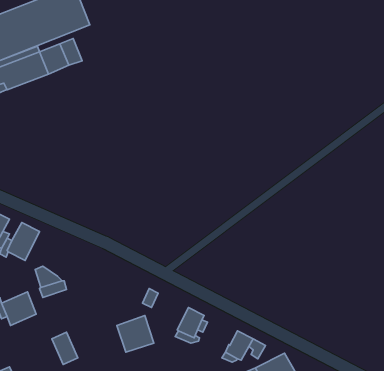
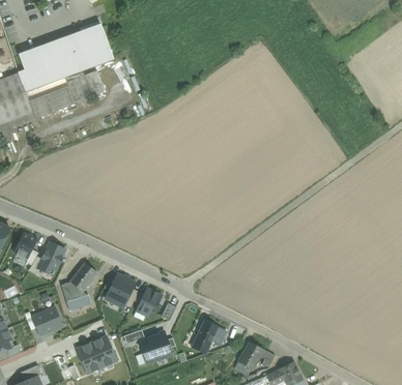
building: none -> [69,263,97,291]
building: none -> [105,269,137,304]
building: none -> [137,287,162,316]
building: none -> [91,336,116,366]

